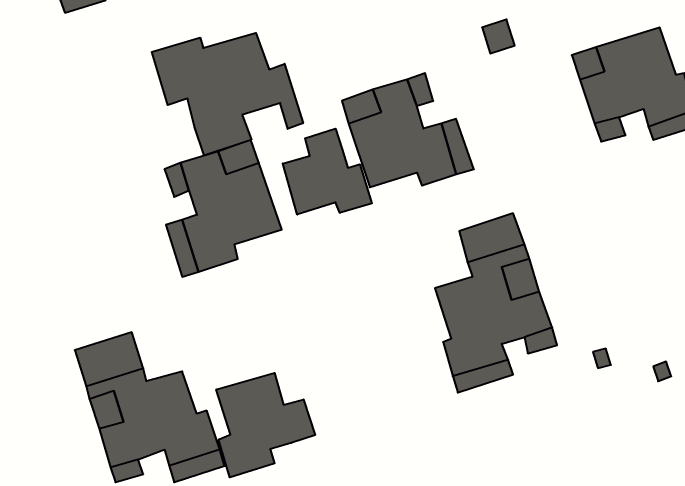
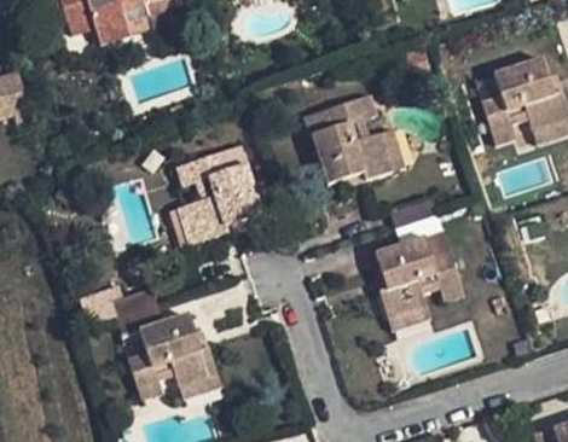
building: [152,33,303,155] -> none
building: [283,129,372,215] -> none
building: [216,373,315,477] -> none

